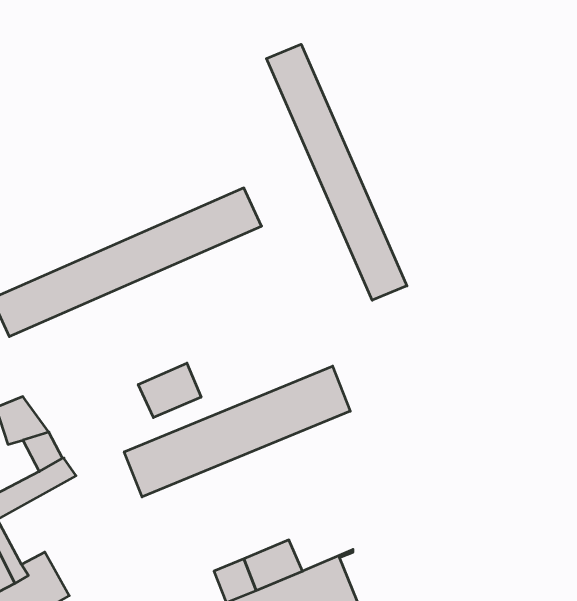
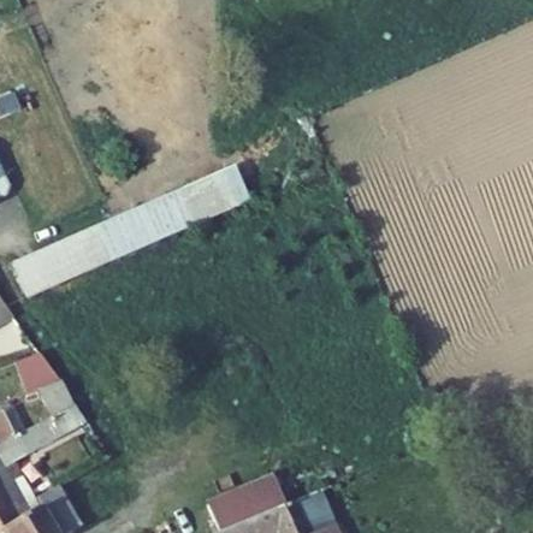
building: [266,44,407,300] -> none
building: [138,363,201,418] -> none
building: [124,366,350,497] -> none

